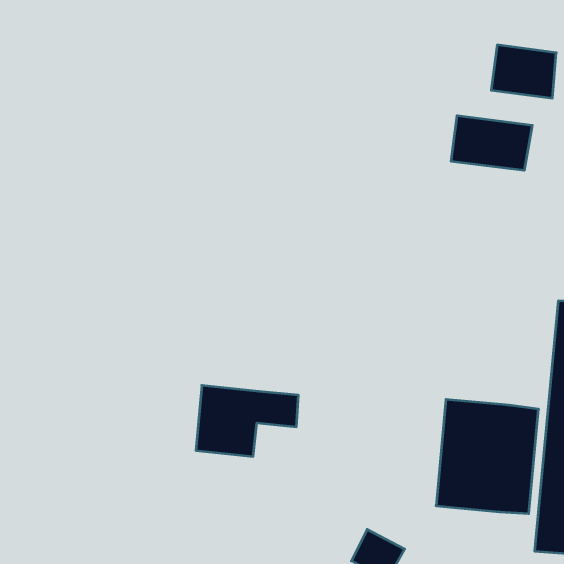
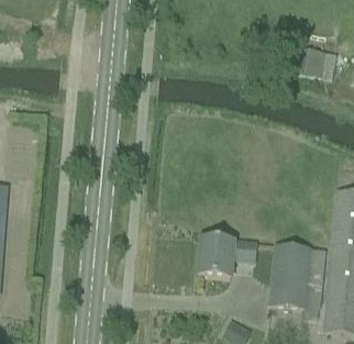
building: [451,116,532,170] -> none
building: [196,385,298,456] -> [199,238,256,278]

